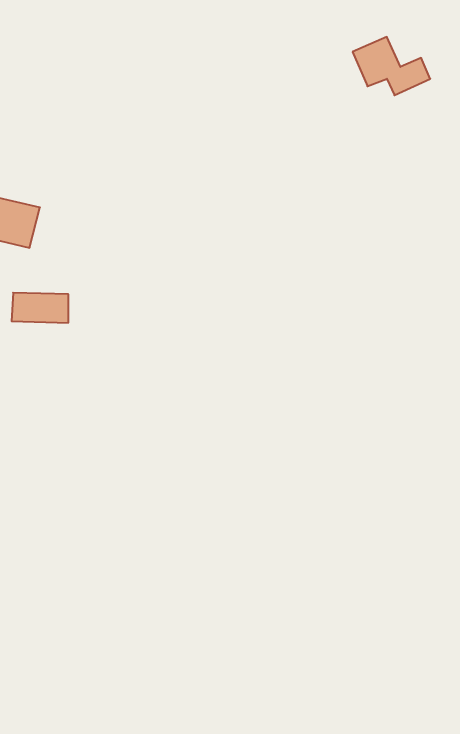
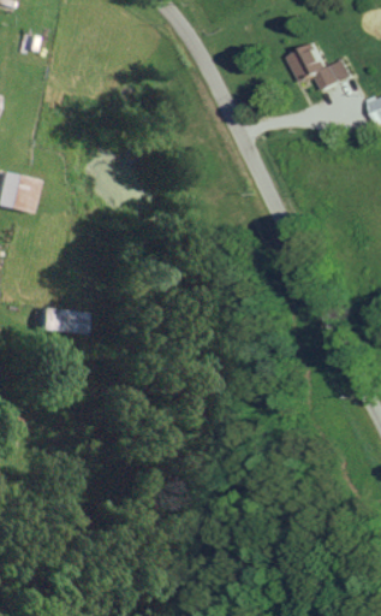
building: [12,293,68,323] -> [41,308,87,332]

